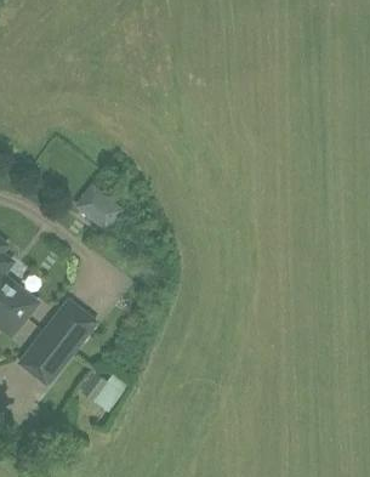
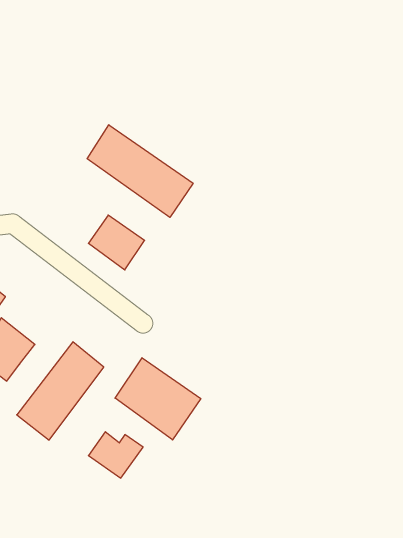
building: none -> [87,125,193,217]
building: none -> [115,358,201,440]

